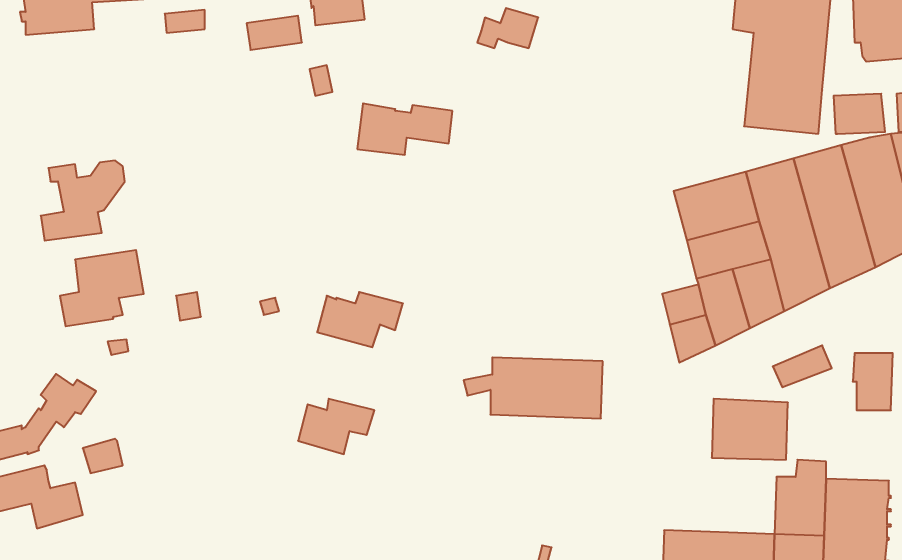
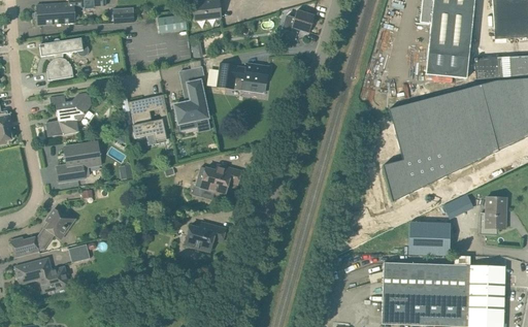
building: none -> [39,38,89,80]
building: none -> [173,66,210,132]
building: none -> [128,94,170,139]
building: [464,357,603,418] -> [368,262,443,295]

